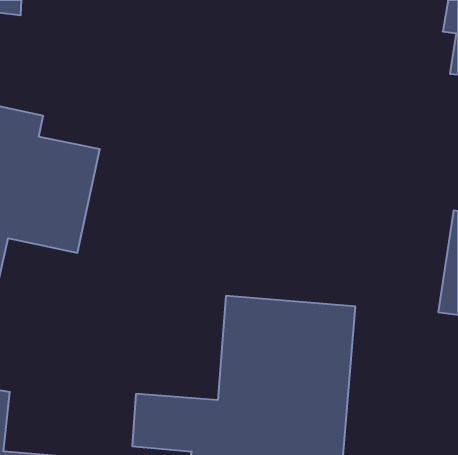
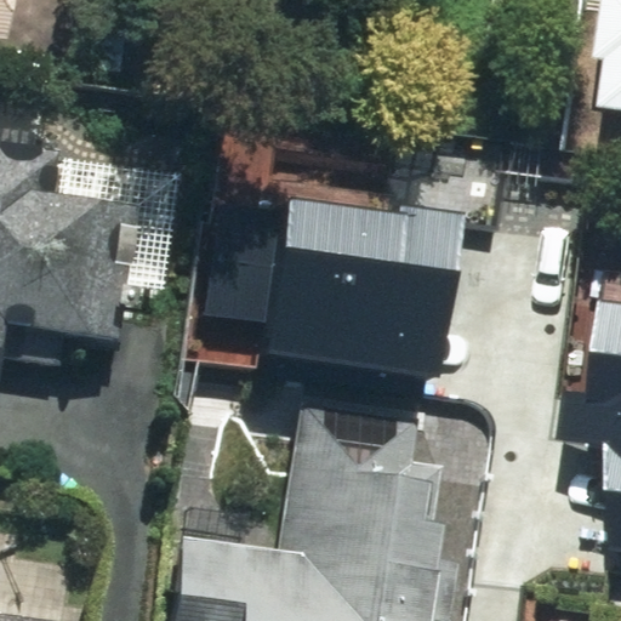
building: none -> [249,195,440,381]

